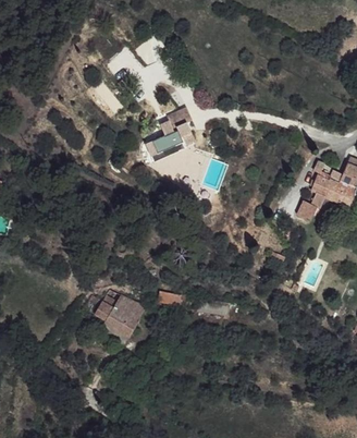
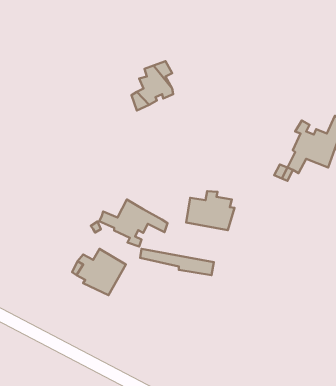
building: none -> [186,191,234,230]
building: none -> [99,200,168,247]

